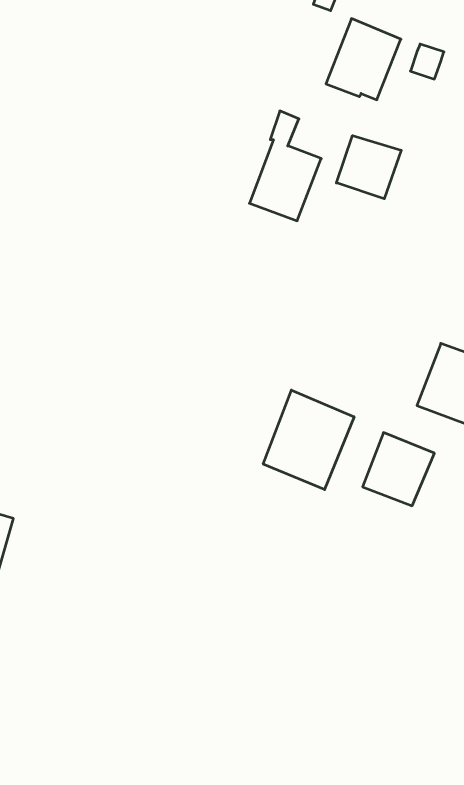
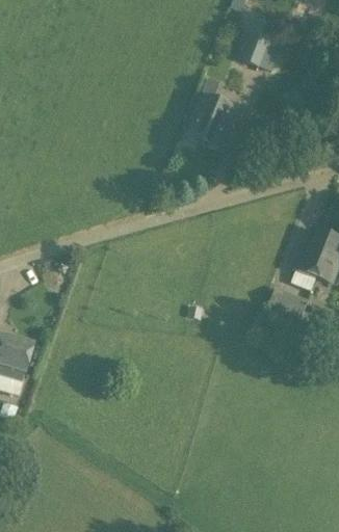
building: [336,136,401,199] -> none
building: [263,390,354,490] -> none

